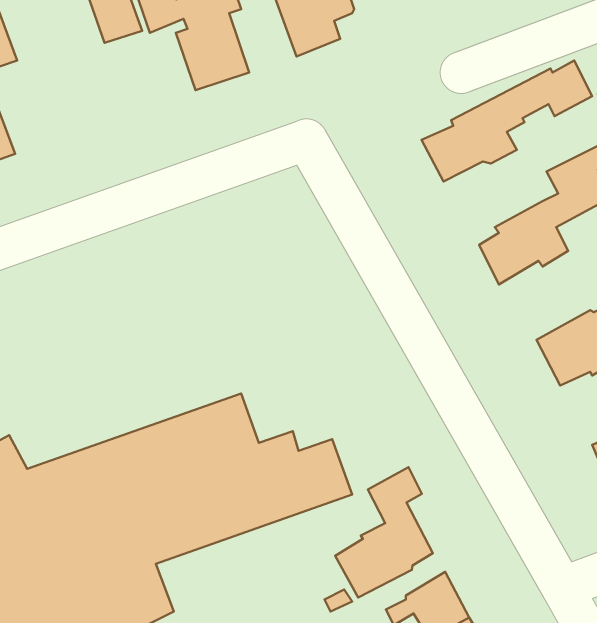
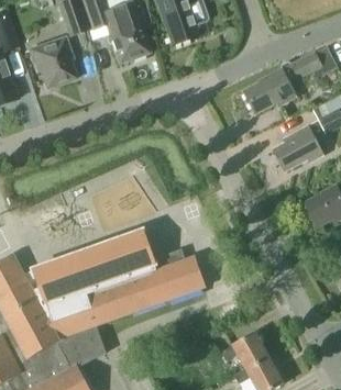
building: none -> [29,35,75,87]
building: [335,467,433,598] -> none

